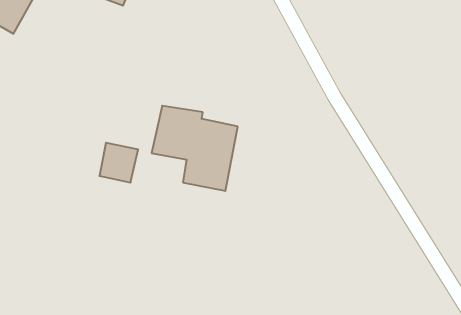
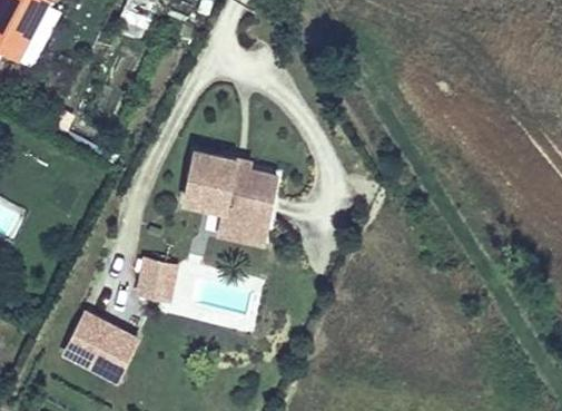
building: [99,143,138,183] -> [134,257,179,304]
building: none -> [60,310,141,384]

